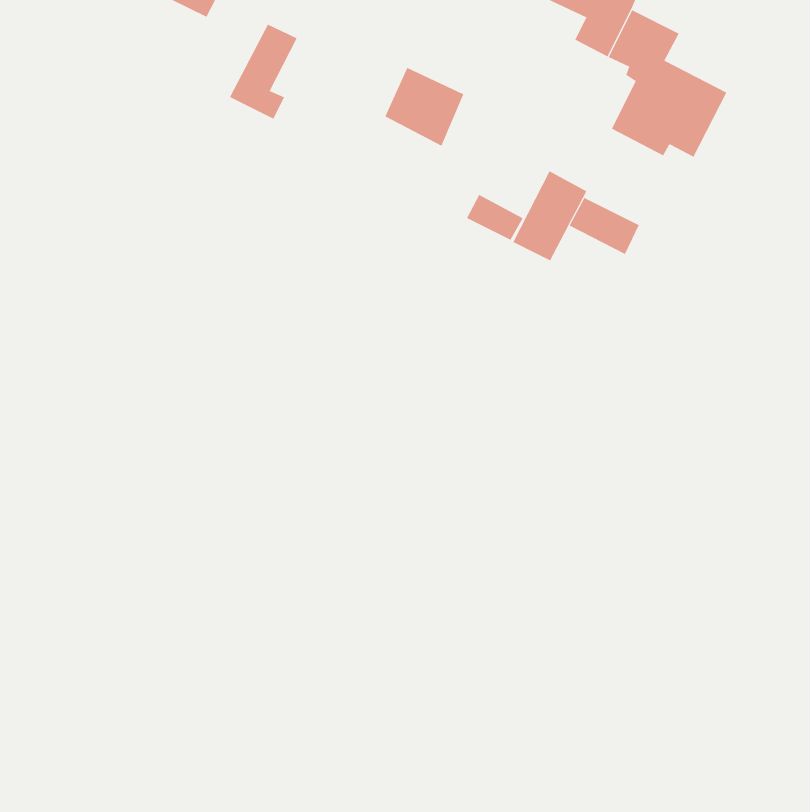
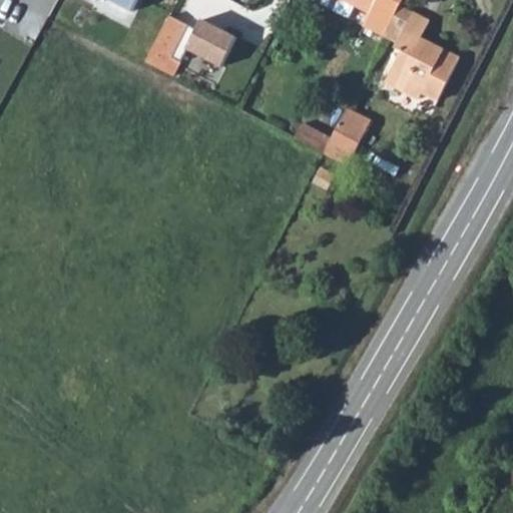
building: [385,67,464,147] -> [187,16,237,66]
building: [569,197,639,255] -> none

